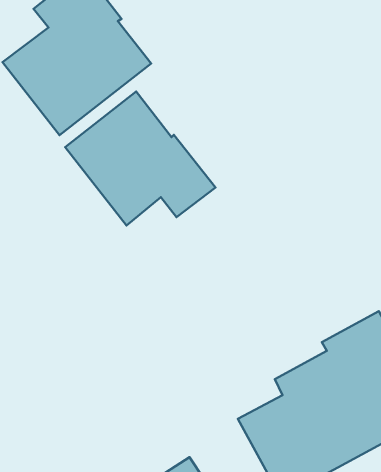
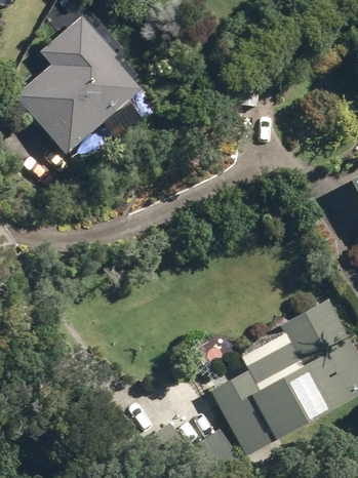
building: [65,92,216,225] -> none

